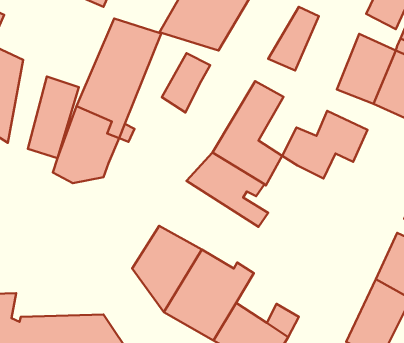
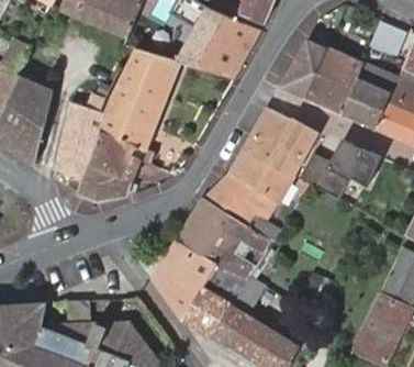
building: none -> [304,46,363,114]
building: [162,53,210,113] -> [270,121,315,176]
building: none -> [178,199,270,280]

